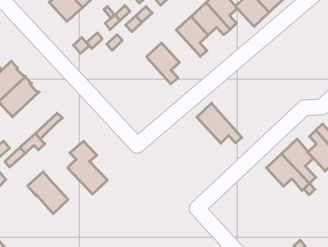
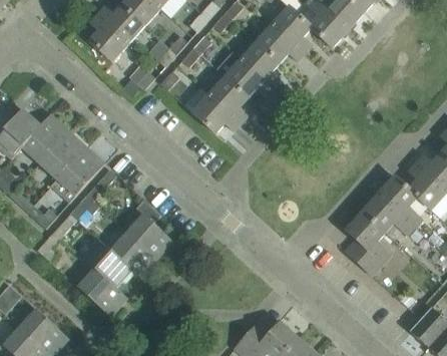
building: none -> [191,94,240,133]
building: none -> [50,146,104,203]
building: [197,103,242,143] -> [216,51,272,97]
building: none -> [344,212,390,275]
building: none -> [110,233,159,280]
building: none -> [77,268,127,316]

